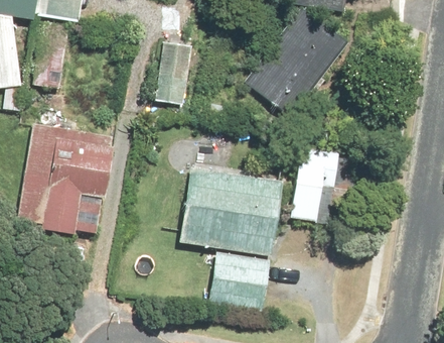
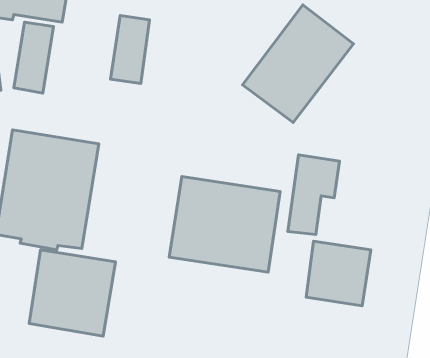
building: [155,41,191,105] -> [111,16,149,84]
building: none -> [29,250,115,336]
building: [209,250,270,311] -> [306,241,371,306]

